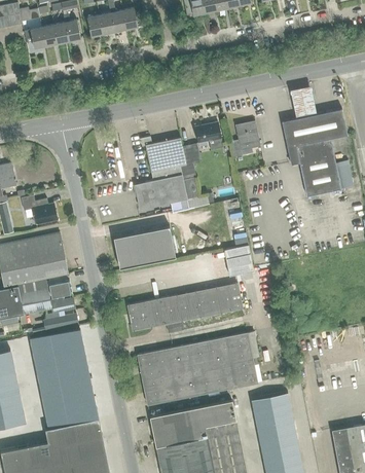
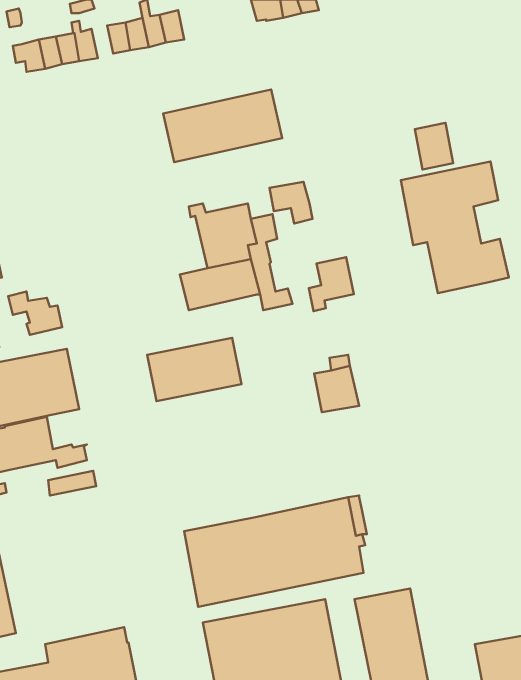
building: none -> [163,89,282,162]
building: [230,121,260,157] -> [309,257,354,311]
building: [48,274,72,298] -> none
building: [127,284,242,333] -> none
building: [30,328,98,430] -> none

